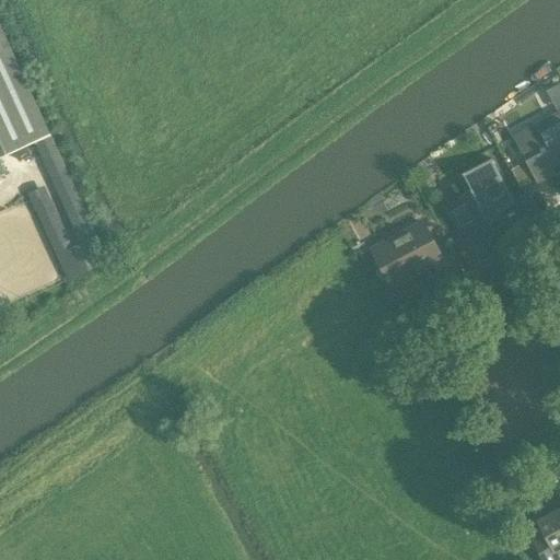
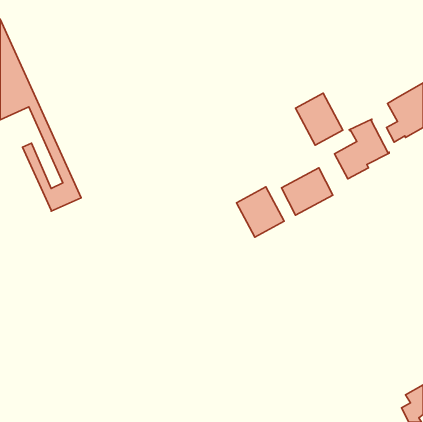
building: none -> [296,93,343,145]
building: none -> [236,187,284,237]

